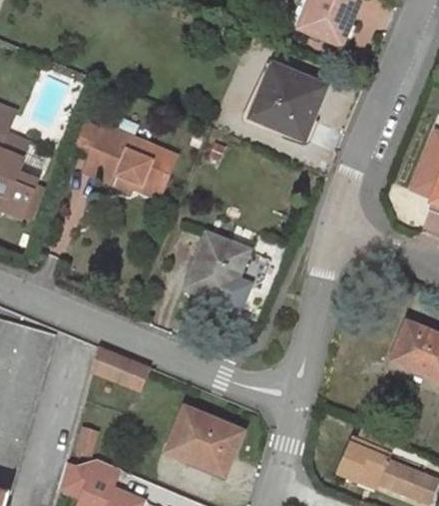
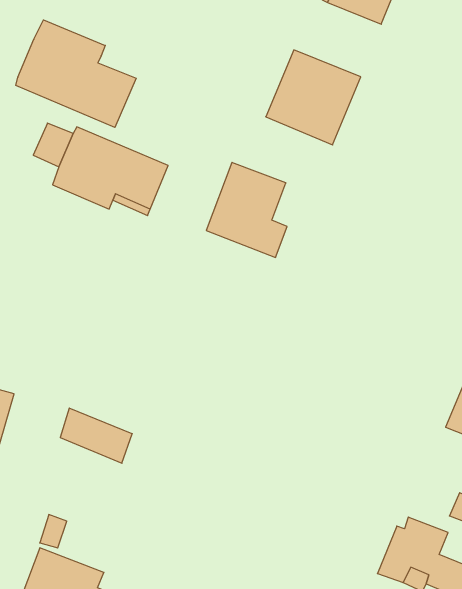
building: none -> [16,20,136,127]
building: [185,234,249,309] -> [206,162,287,257]
building: [168,410,241,475] -> none

